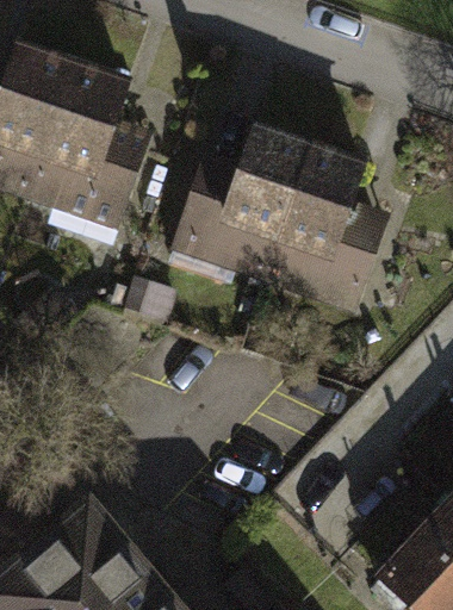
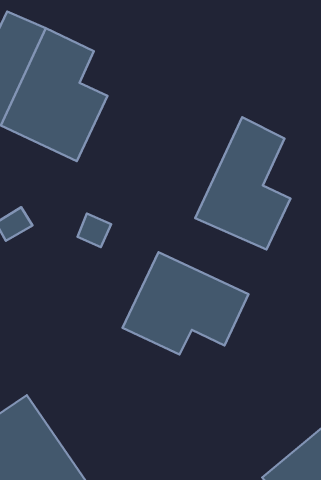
building: [179,135,309,276] -> none
building: none -> [122,252,248,354]

